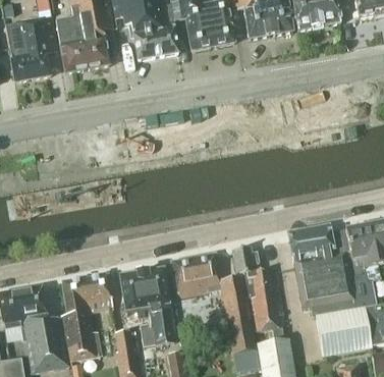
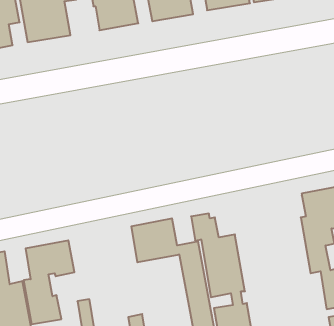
building: [288,224,372,354] -> none
building: [120,268,175,346] -> none

